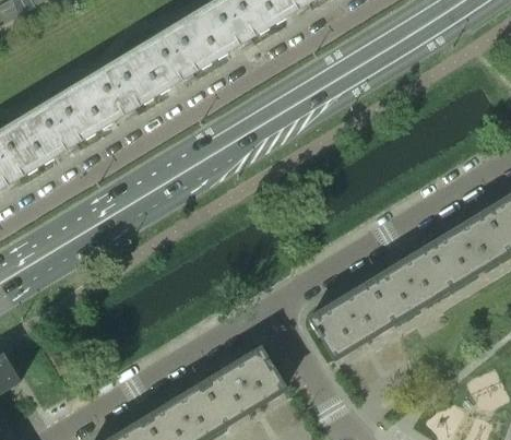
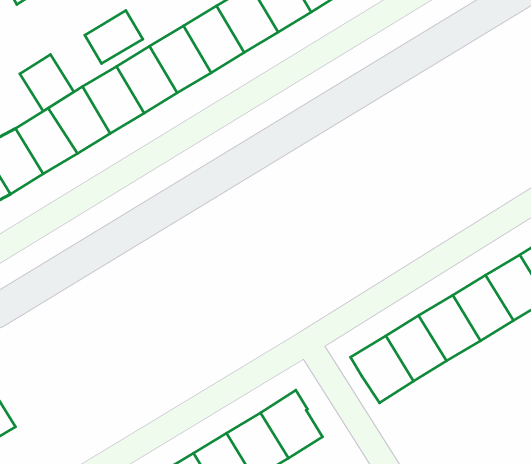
building: none -> [85,11,143,64]
building: none -> [20,55,74,111]

